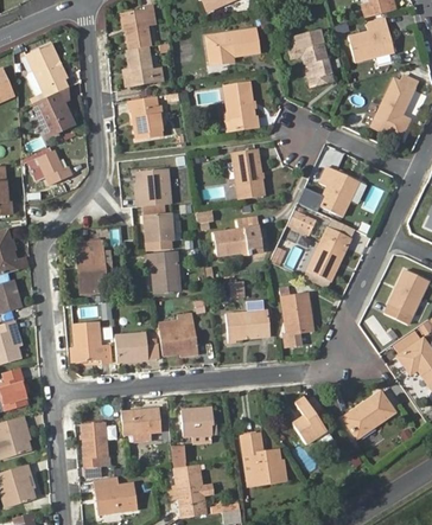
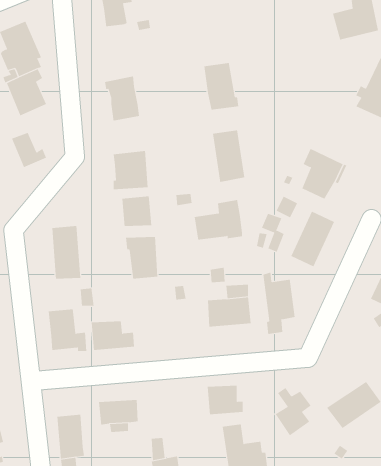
building: [205,28,259,64] -> none
building: [286,30,332,85] -> none
building: [126,46,163,85] -> none
building: [159,313,197,356] -> none
building: [182,408,217,436] -> [207,385,244,415]

